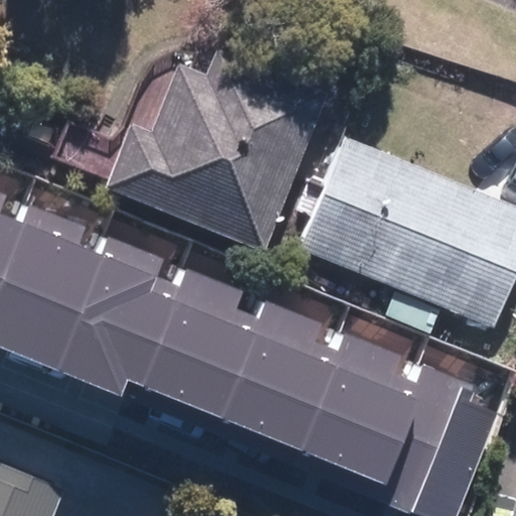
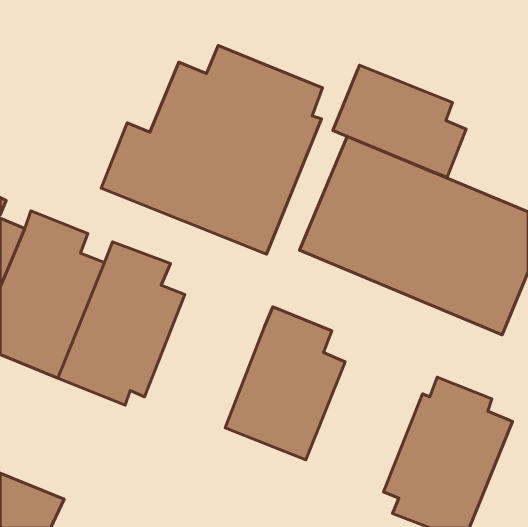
building: none -> [333,65,466,177]
building: [141,270,258,418] -> none
building: [298,334,412,481] -> none

